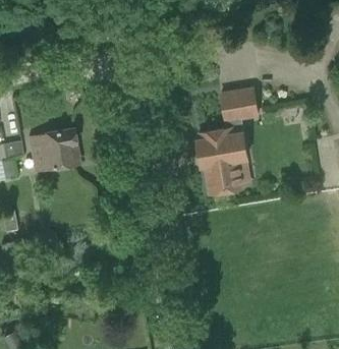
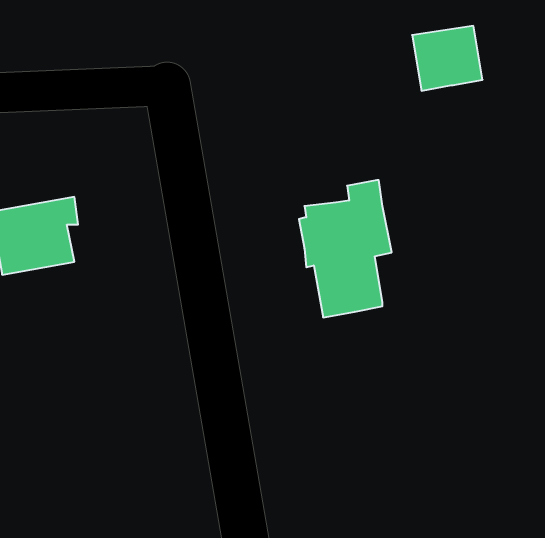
building: [220,88,259,123] -> [412,26,483,91]

